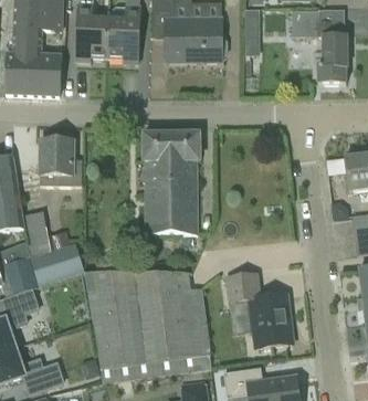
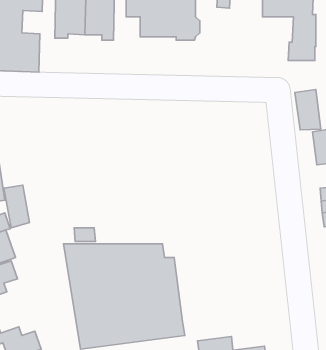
building: none -> [295,90,321,130]
building: [144,133,199,233] -> none
building: [39,139,82,184] -> none
building: [30,242,84,286] -> none
building: [225,273,290,346] -> none

